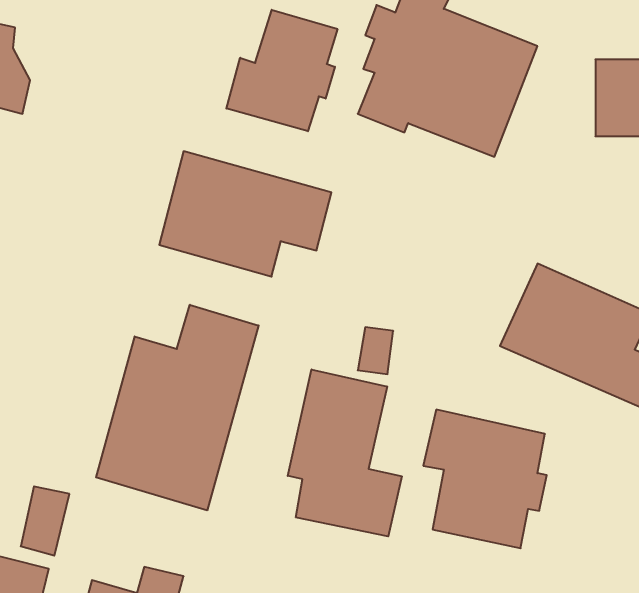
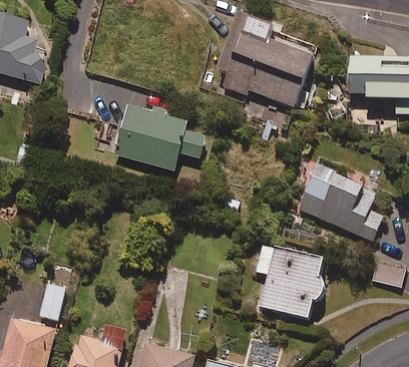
building: [226,10,337,131] -> none
building: [96,305,259,510] -> none
building: [288,369,402,536] -> none

